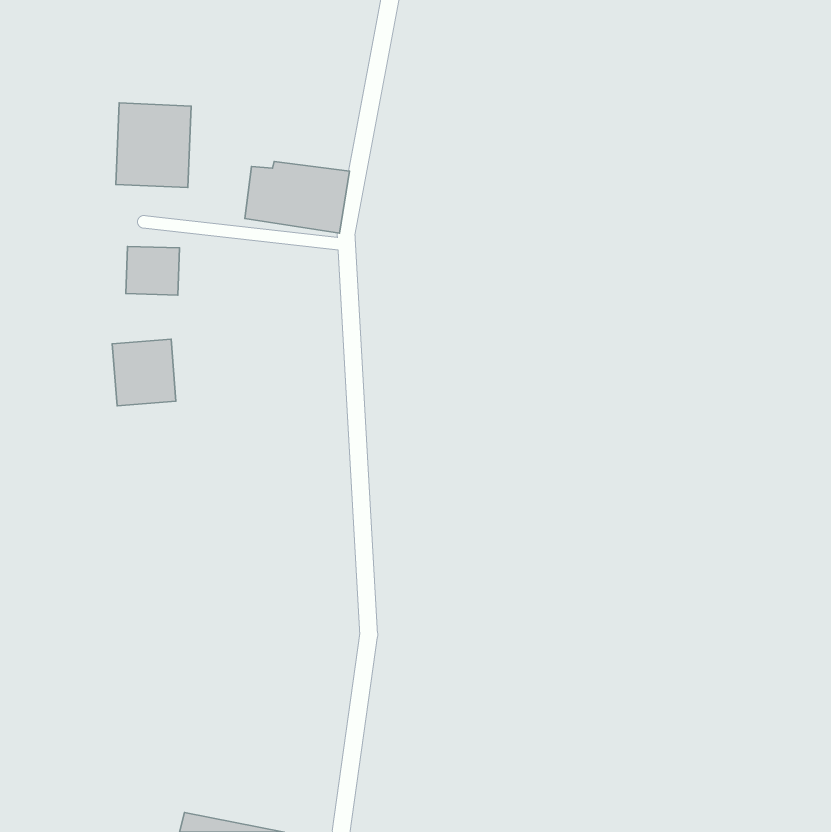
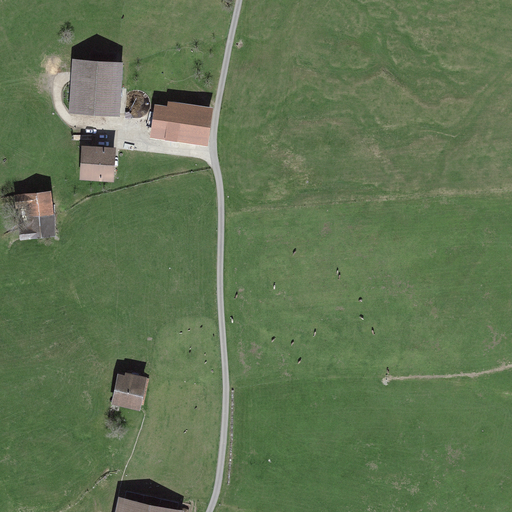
building: [112,339,176,406] -> [13,195,52,236]
building: none -> [114,374,148,408]

